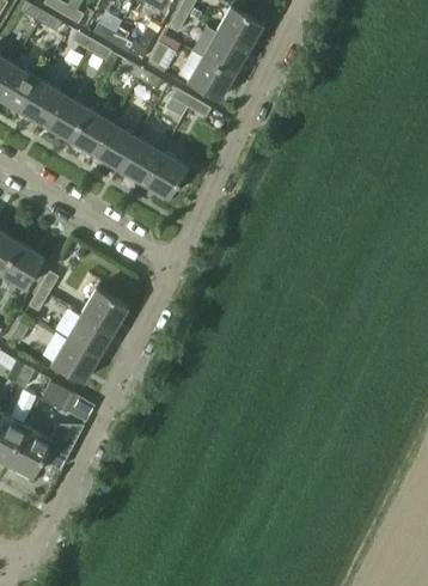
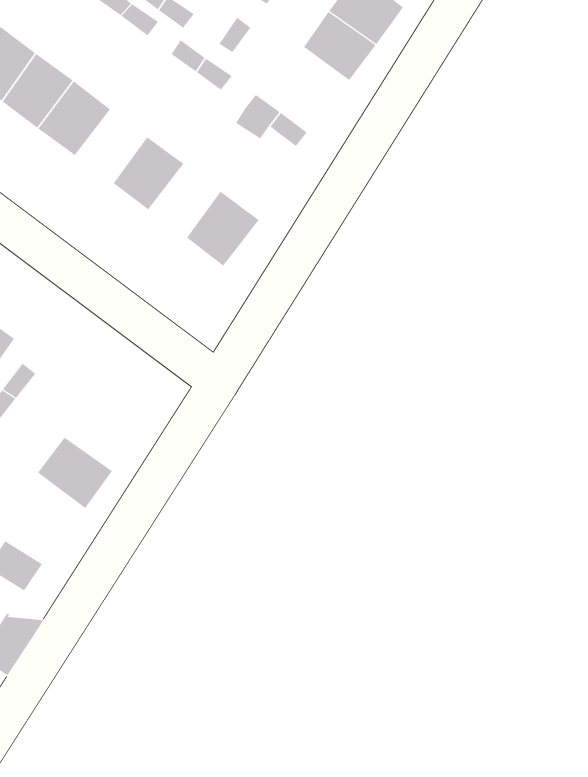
building: [187,57,233,102] -> none
building: [68,109,111,154] -> none
building: [117,138,160,183] -> none
building: [80,288,127,332] -> none
building: [51,338,98,383] -> none

